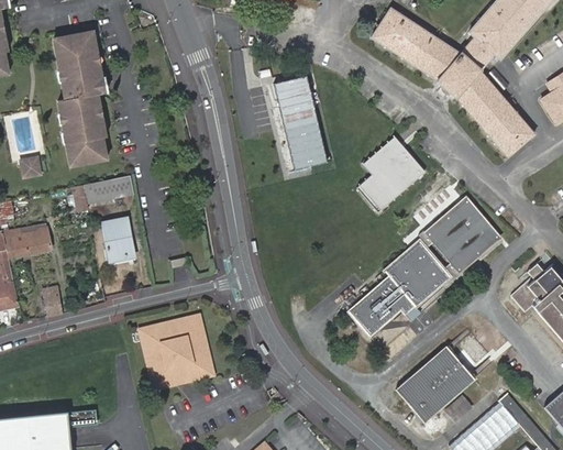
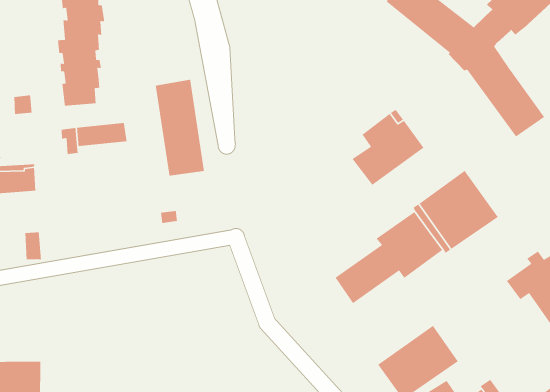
building: [274,74,329,169] -> [155,79,205,177]
building: [104,218,135,260] -> none
building: [143,319,209,385] -> none

